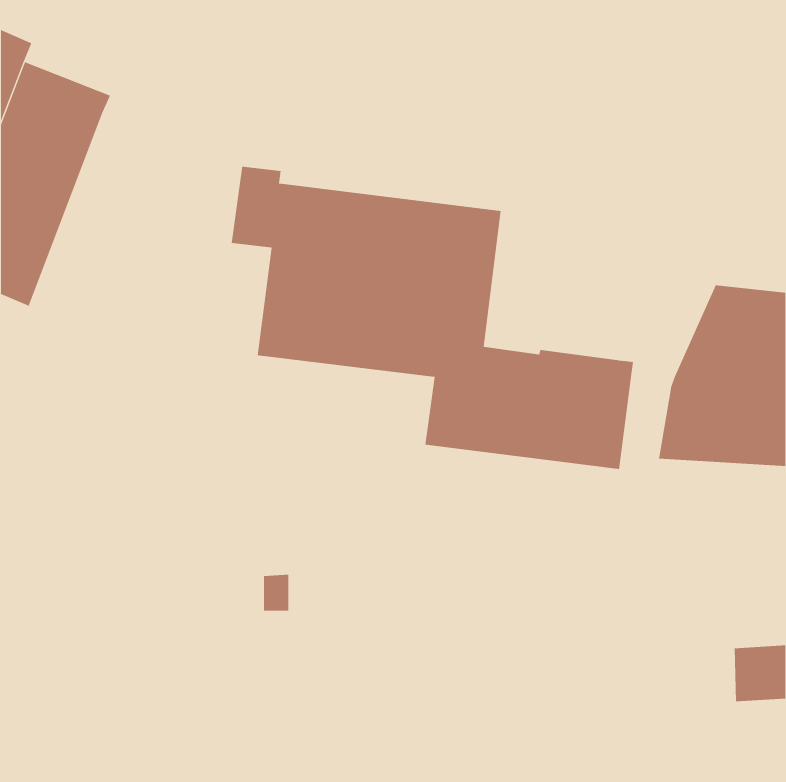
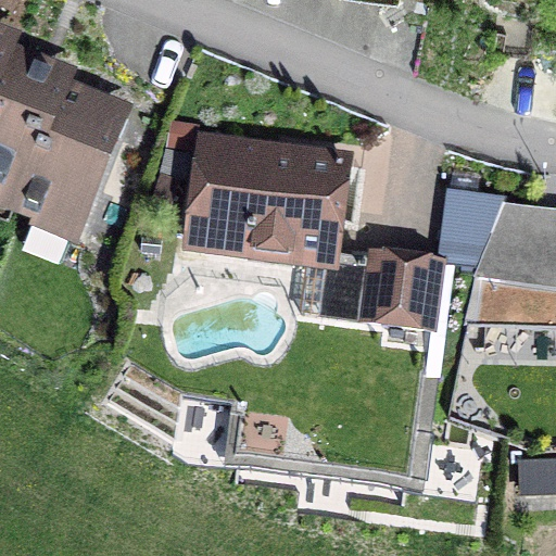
building: none -> [21,79,134,267]
building: none -> [438,187,508,266]

